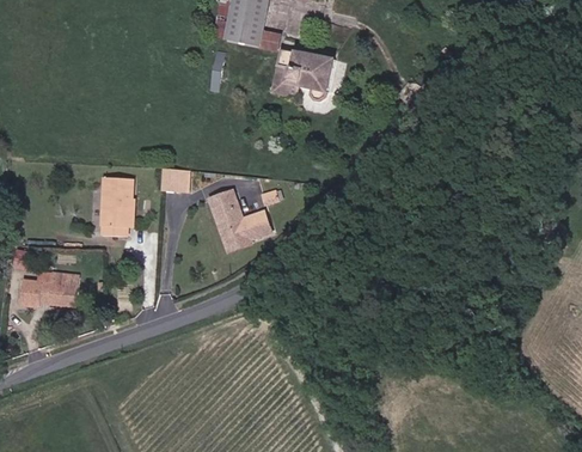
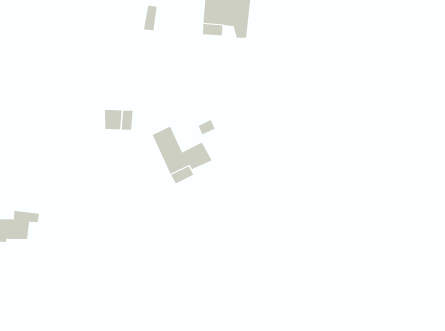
building: [102,177,128,236] -> none

